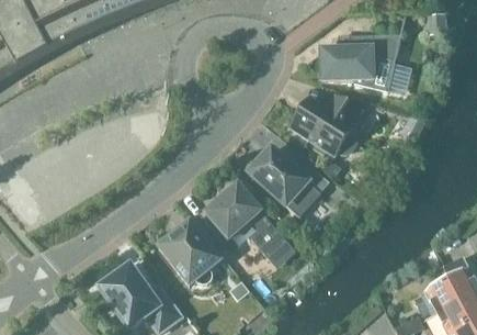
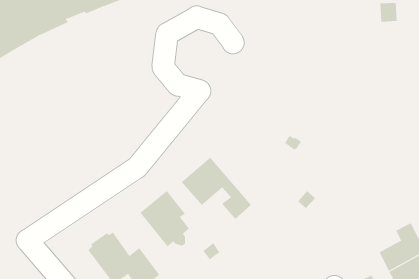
building: [318,35,401,93] -> none
building: [291,96,361,156] -> none
building: [250,149,329,216] -> none

